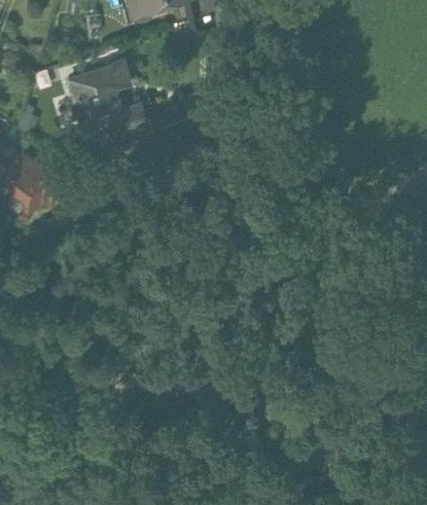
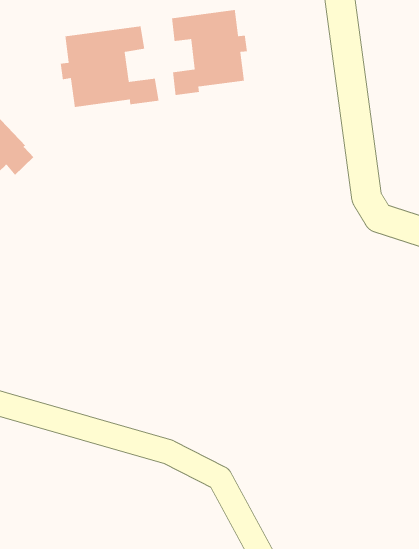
building: none -> [171,9,248,96]

